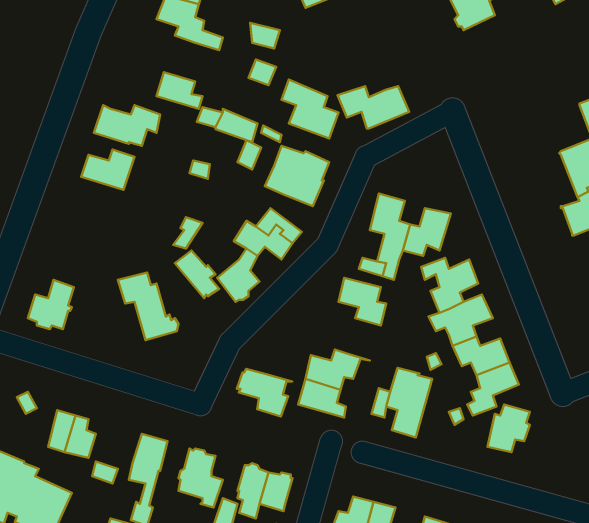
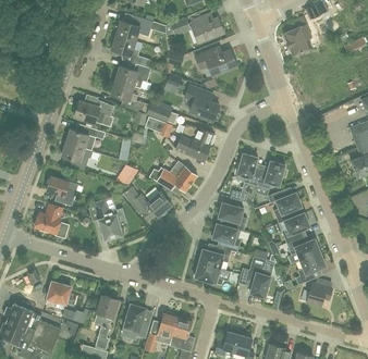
building: none -> [114,63,150,88]
building: [338,86,409,128] -> [194,50,236,75]
building: none -> [61,143,91,171]
building: none -> [46,176,75,207]
building: [237,369,292,417] -> [210,223,243,251]

